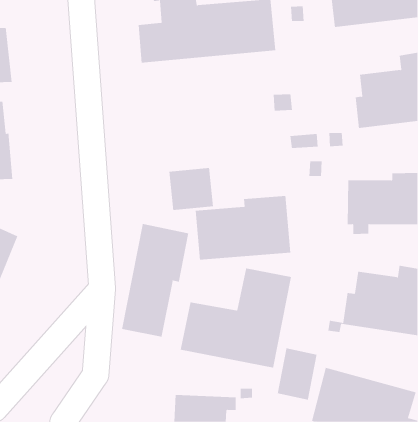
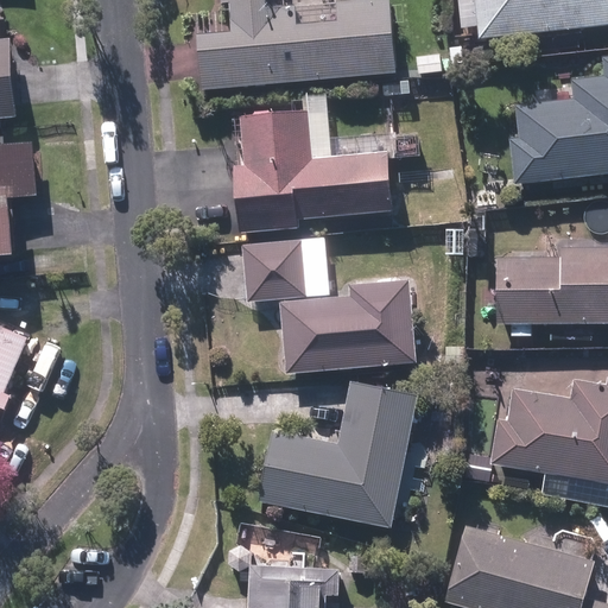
building: none -> [236,113,391,233]
building: [122,223,189,338] -> none
building: [277,348,317,400] -> none

